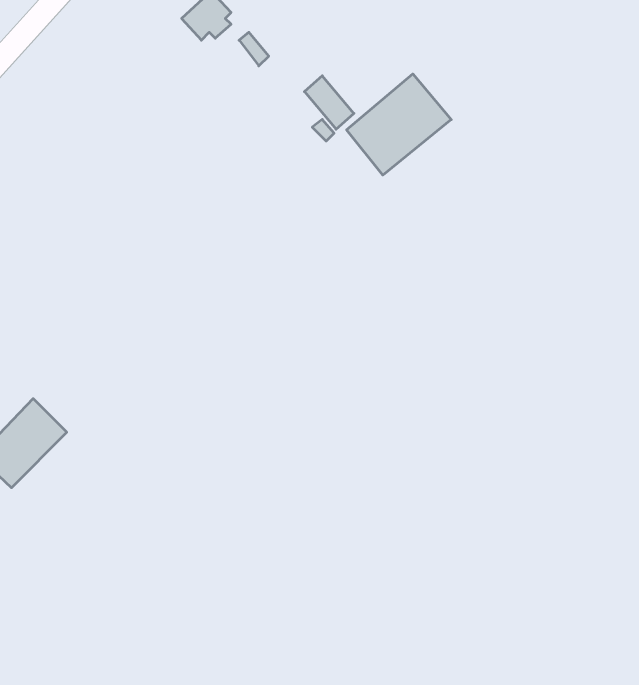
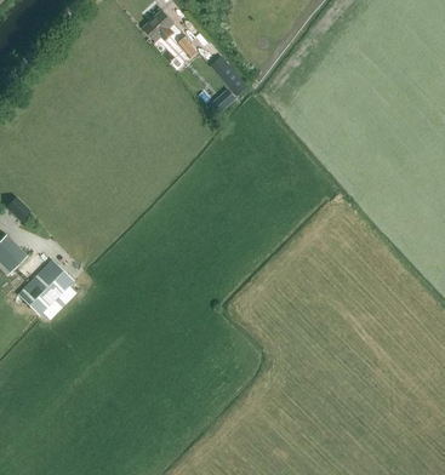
building: [347,74,451,175] -> none

